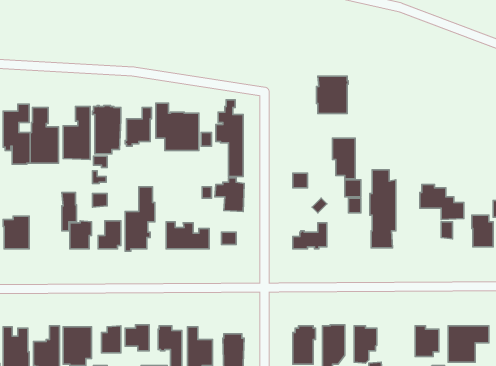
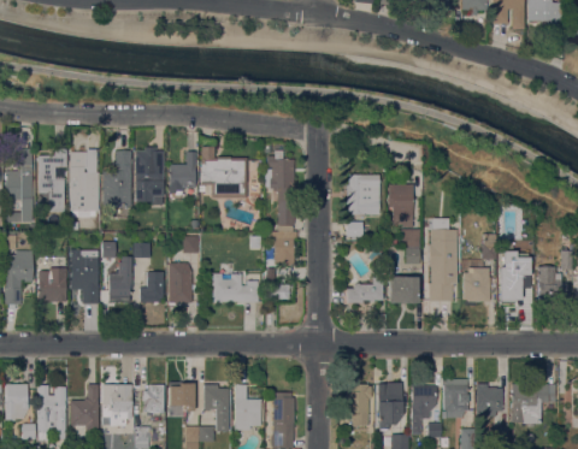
building: [317,76,348,114] -> [347,175,381,214]
building: none -> [69,250,99,303]
building: none -> [464,267,490,302]
building: none -> [389,277,418,303]
building: none -> [443,378,468,418]

